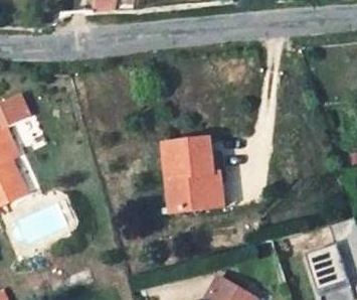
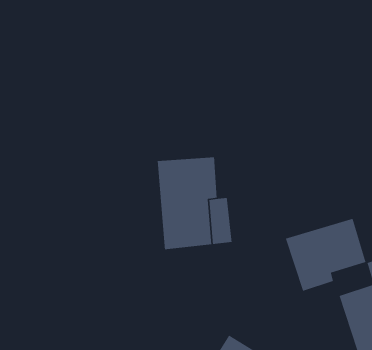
building: none -> [285,218,366,292]

